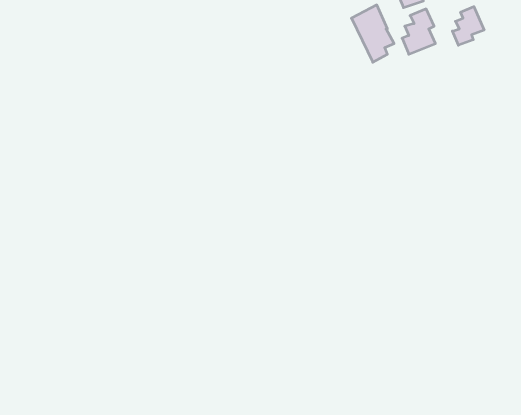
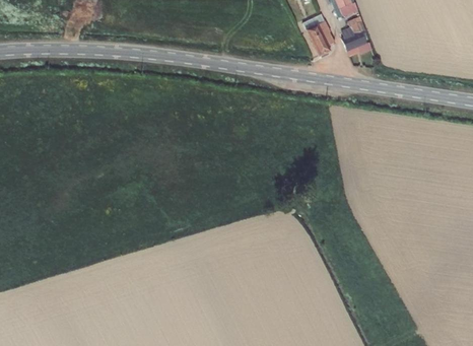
building: [452,7,484,45] -> none

